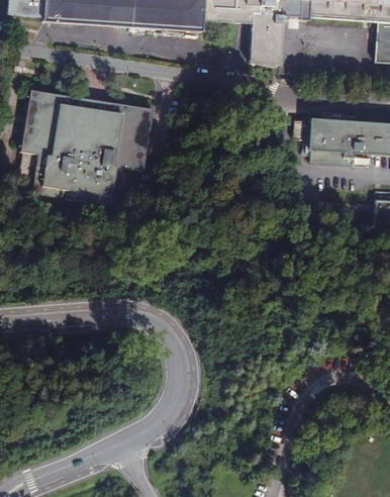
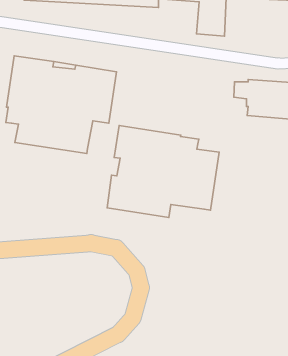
building: none -> [107,125,219,218]

